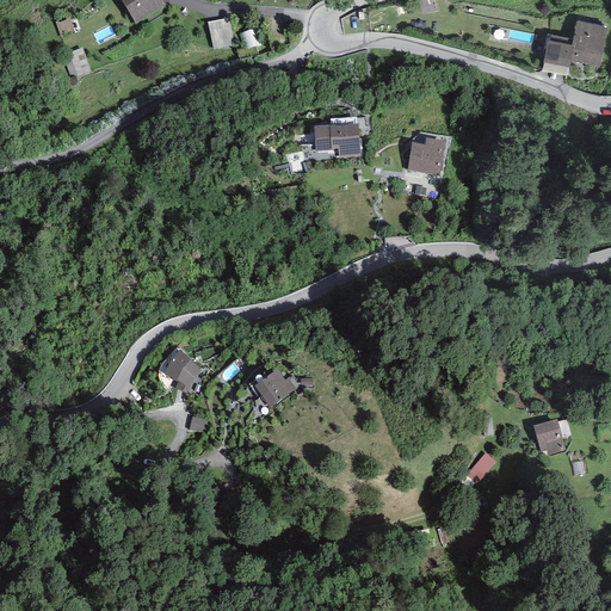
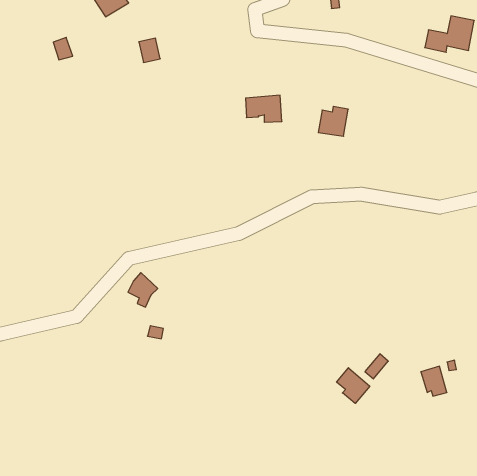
building: [206,17,234,48] -> [139,38,160,62]
building: [254,369,297,407] -> none
building: [532,418,566,456] -> [421,366,447,396]
building: none -> [337,368,370,403]

